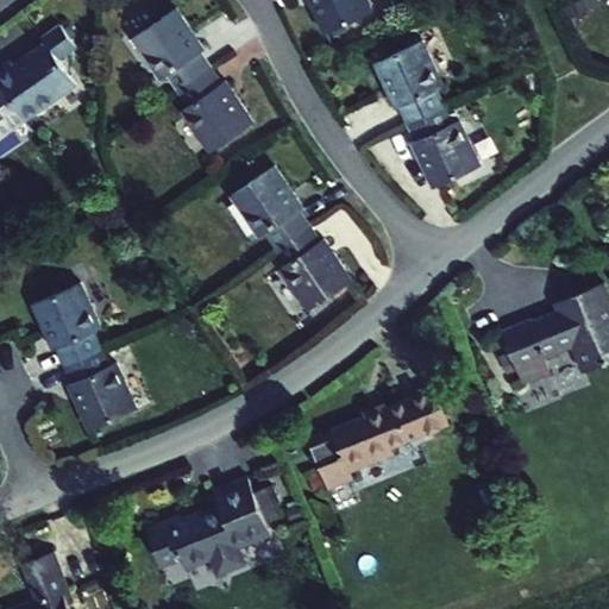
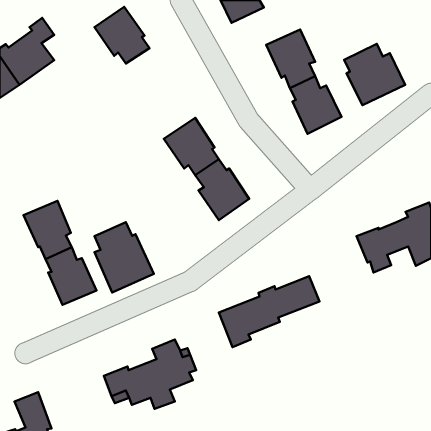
building: none -> [344,44,405,105]
building: [177,70,252,153] -> none
building: none -> [94,222,154,293]

